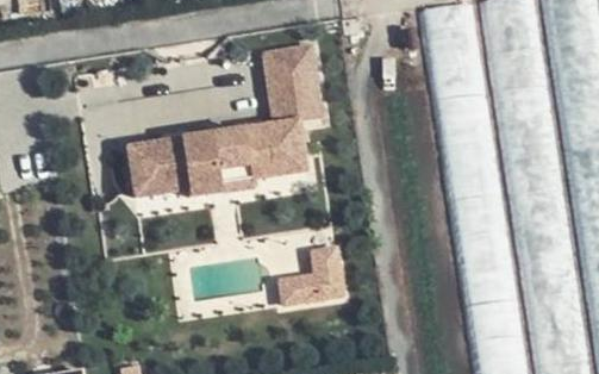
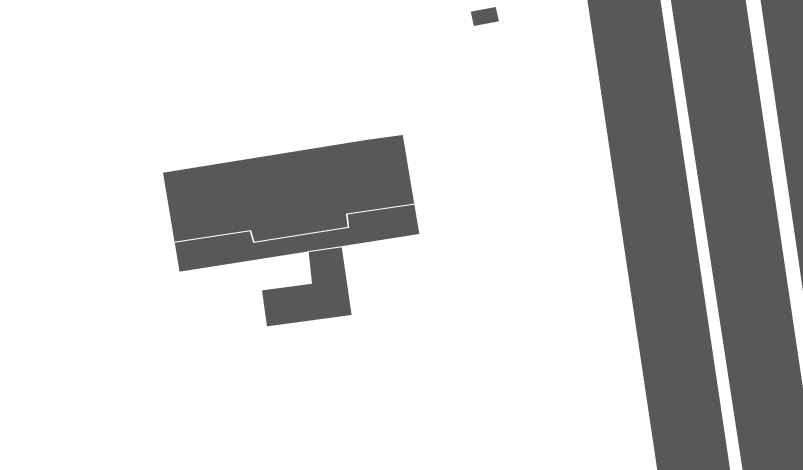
building: [256,42,318,117] -> none
building: [282,248,348,305] -> [261,247,353,327]

